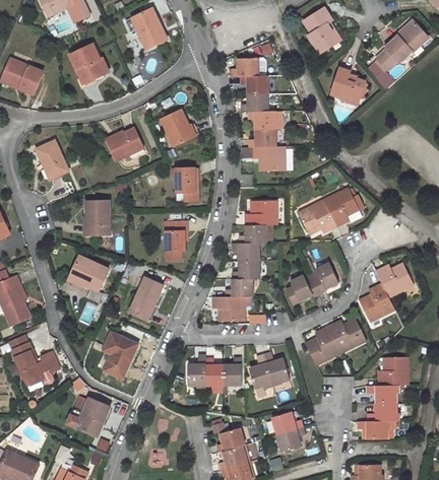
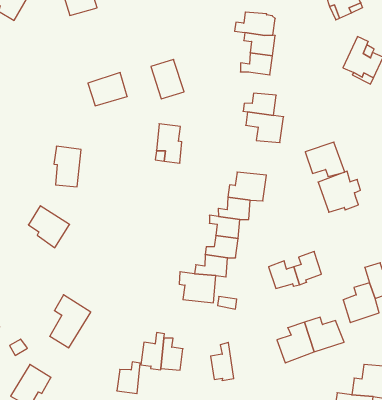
building: [248,112,275,130] -> none
building: [36,141,67,179] -> none
building: [299,201,336,232] -> [305,142,345,177]
building: [165,221,186,261] -> none
building: [129,277,163,320] -> none
building: [263,352,290,386] -> none
building: [224,357,242,385] -> [117,362,140,394]

